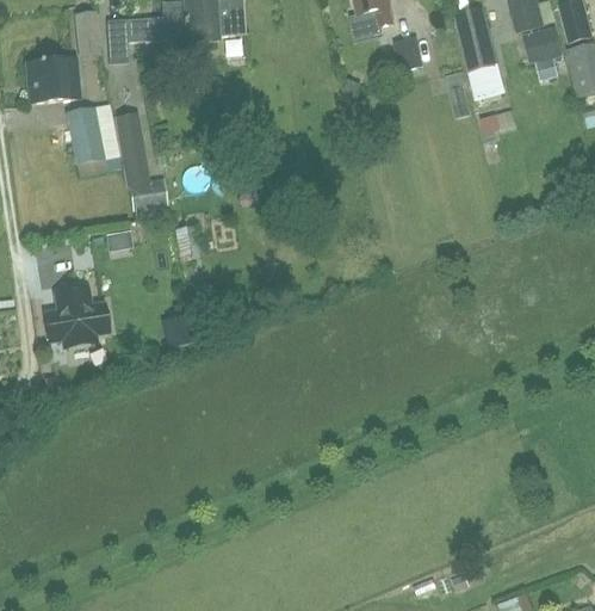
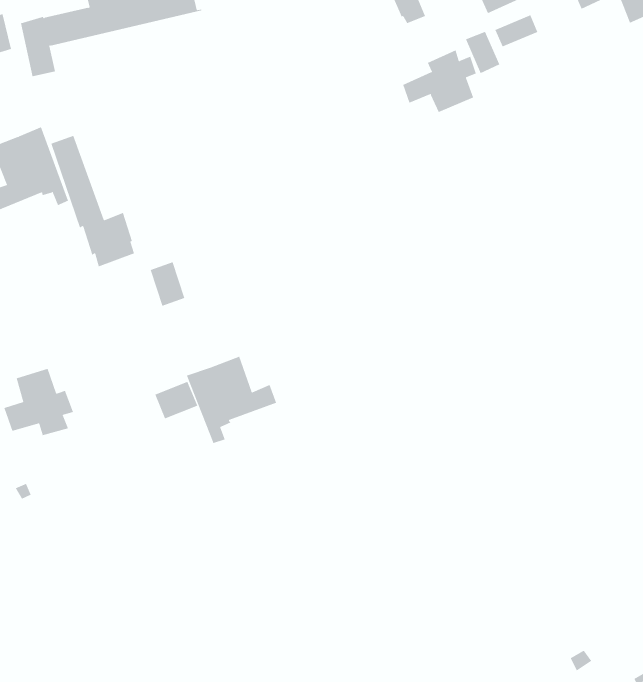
building: none -> [403,50,476,113]
building: none -> [186,356,277,444]

